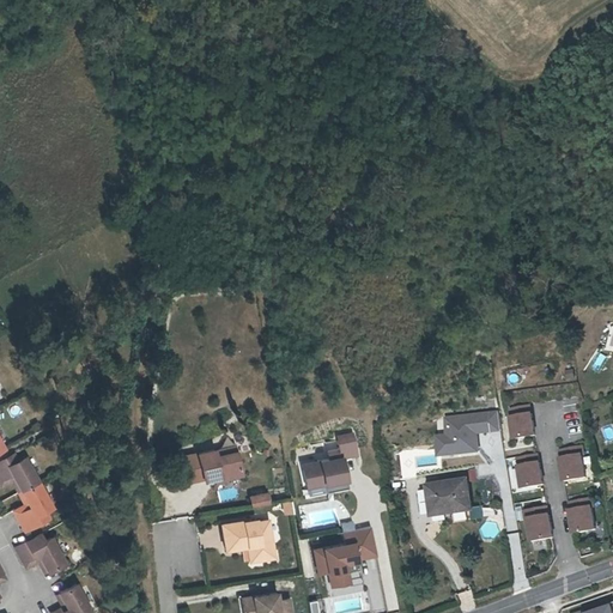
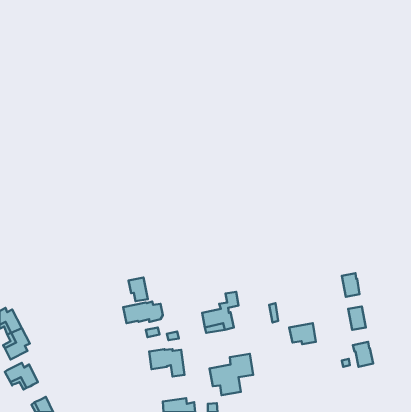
building: [438,409,502,459] -> none
building: none -> [129,277,148,301]
building: [558,447,585,484] -> none
building: [569,500,595,536] -> none

